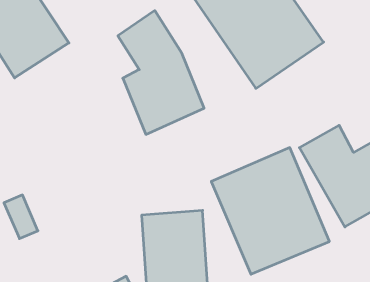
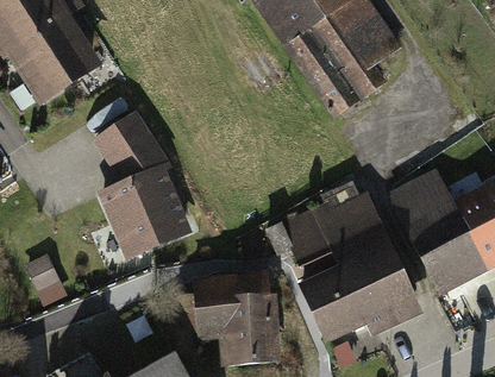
building: [118,11,204,134] -> [90,108,196,260]

